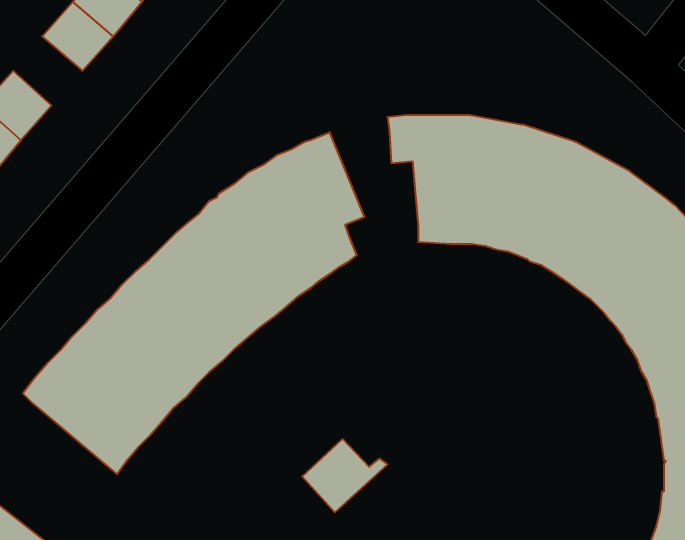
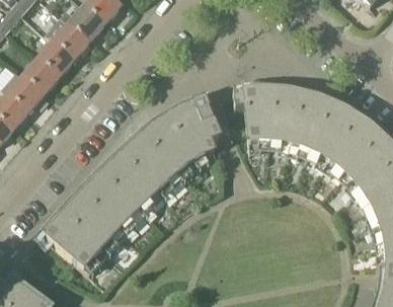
building: none -> [34,41,71,77]
building: [302,439,388,512] -> none

